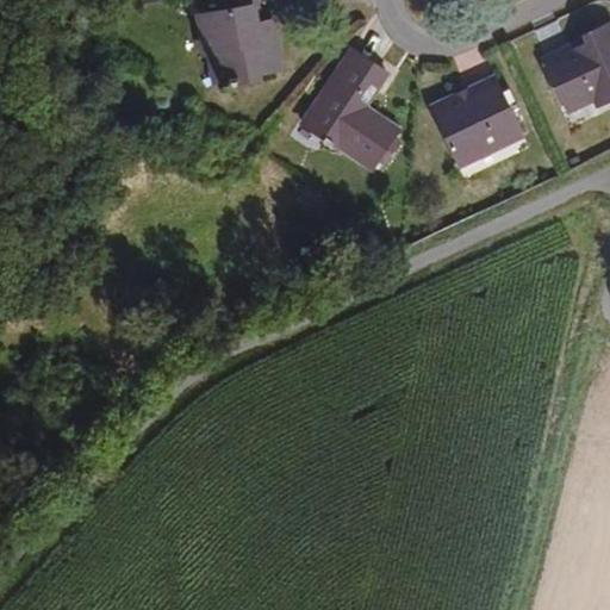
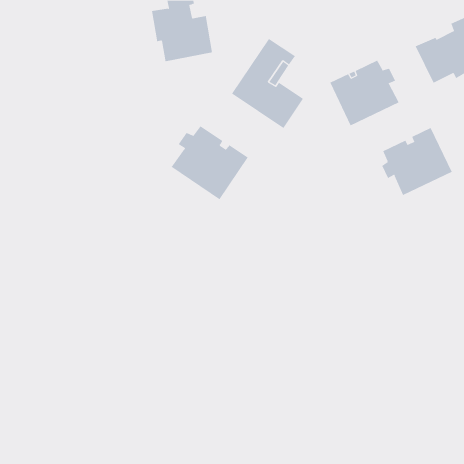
building: none -> [171,125,248,200]
building: none -> [382,127,452,196]

